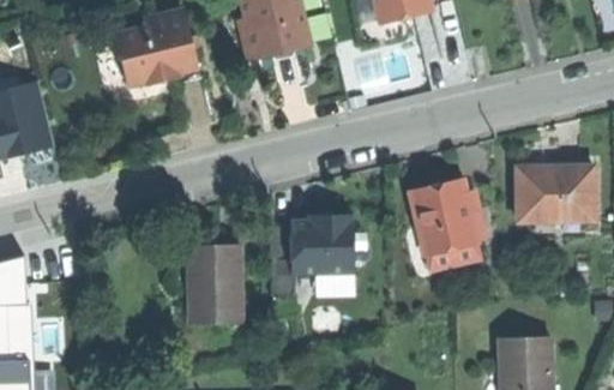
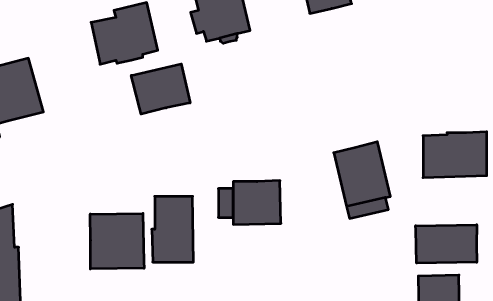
building: none -> [131,64,190,114]
building: none -> [90,213,144,269]
building: none -> [416,225,477,263]

